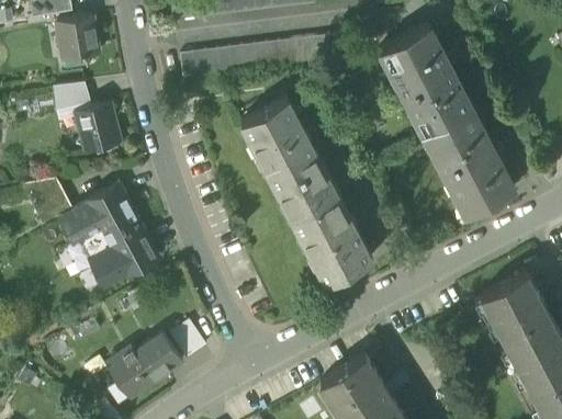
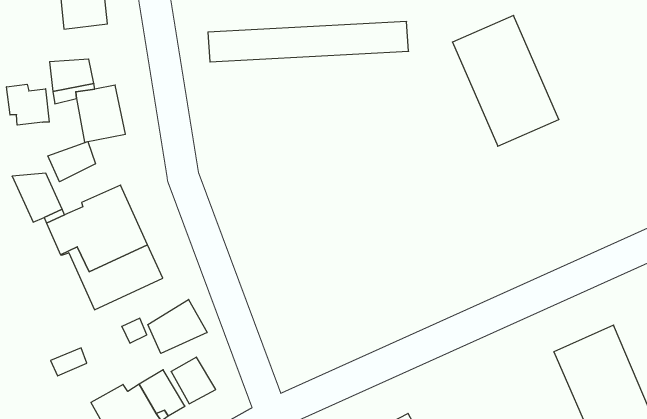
building: [239,97,370,283] -> none
building: [422,106,513,214] -> none
building: none -> [7,84,49,125]
building: none -> [48,142,95,182]
building: none -> [148,299,207,353]

